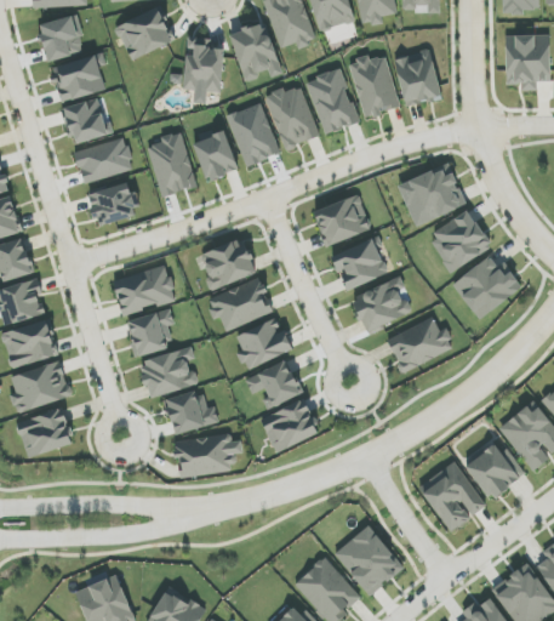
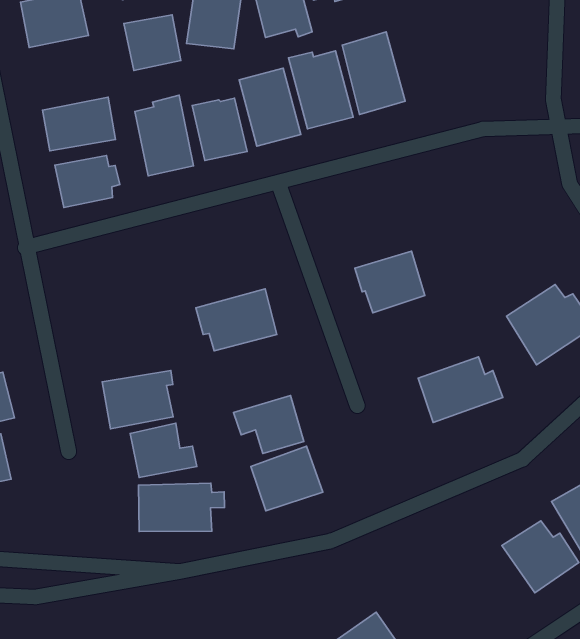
building: [394,50,441,107] -> none
building: [348,56,400,118] -> none
building: [62,98,109,144] -> [124,15,181,70]
building: [398,165,463,226] -> none
building: [313,194,371,247] -> none
building: [428,210,491,272] -> none
building: [200,239,256,289] -> none
building: [113,266,176,314] -> none
building: [350,279,413,332] -> none
building: [126,309,173,357] -> none
building: [233,317,291,369] -> none
building: [418,461,486,531] -> none

